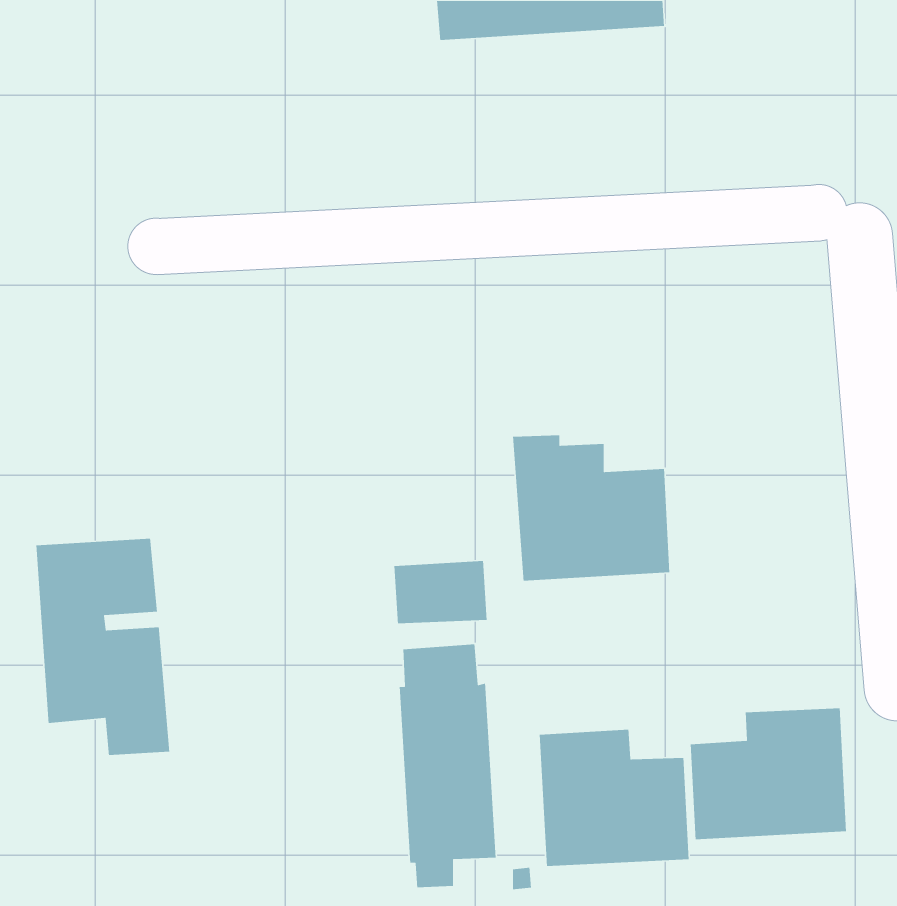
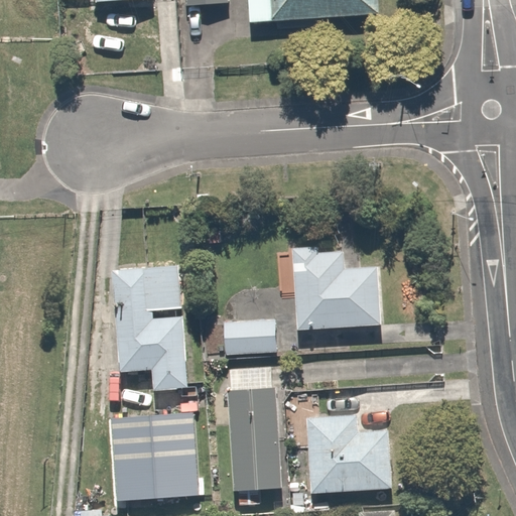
building: [36,538,170,756] -> [113,266,189,390]
building: [690,707,847,840] -> none
building: none -> [111,412,199,500]

